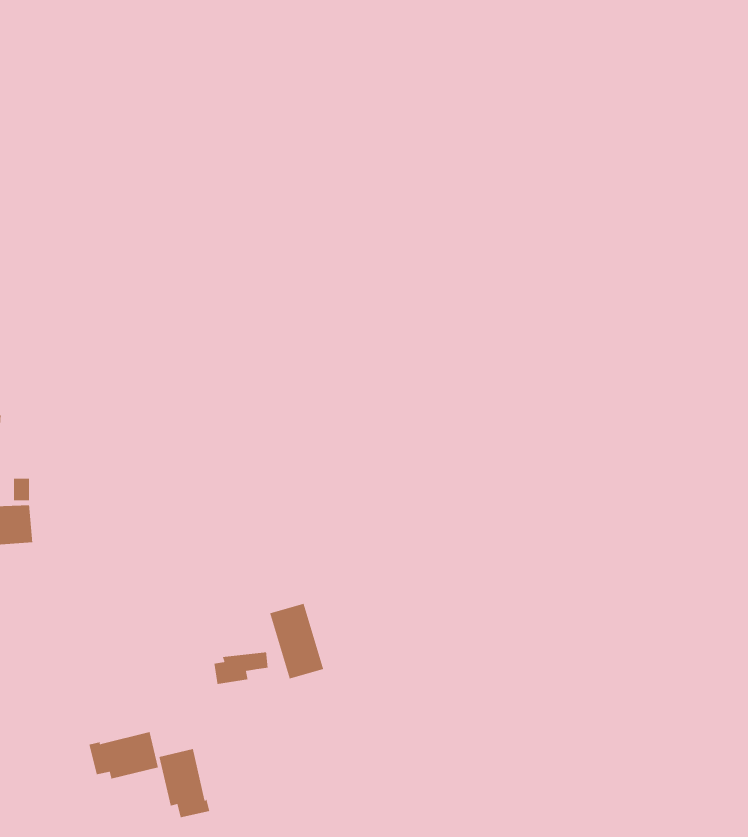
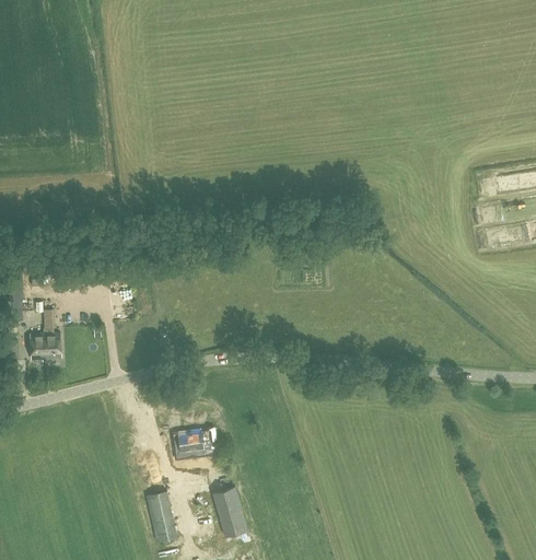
building: [269,603,324,680] -> [211,487,247,537]
building: [88,731,159,779] -> none

